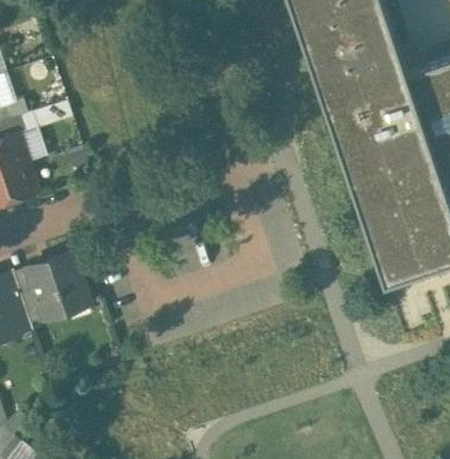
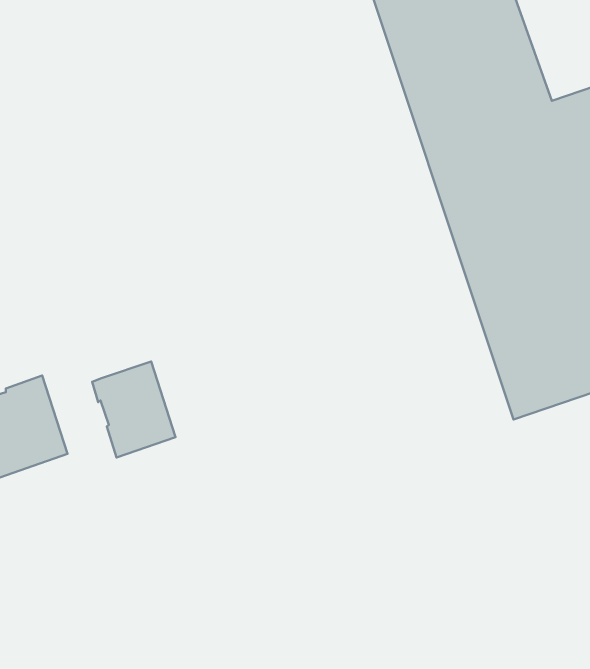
building: none -> [92,362,176,457]

